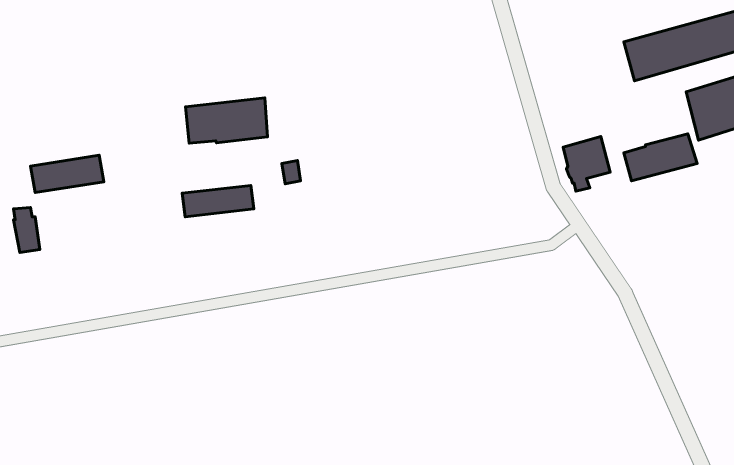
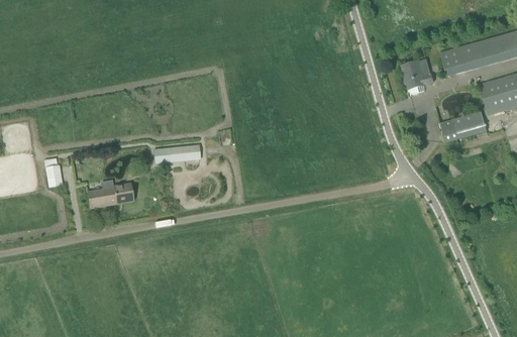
building: [186,98,267,143] -> none
building: [563,136,610,191] -> [402,59,432,94]
building: [30,155,104,193] -> [86,184,133,208]

